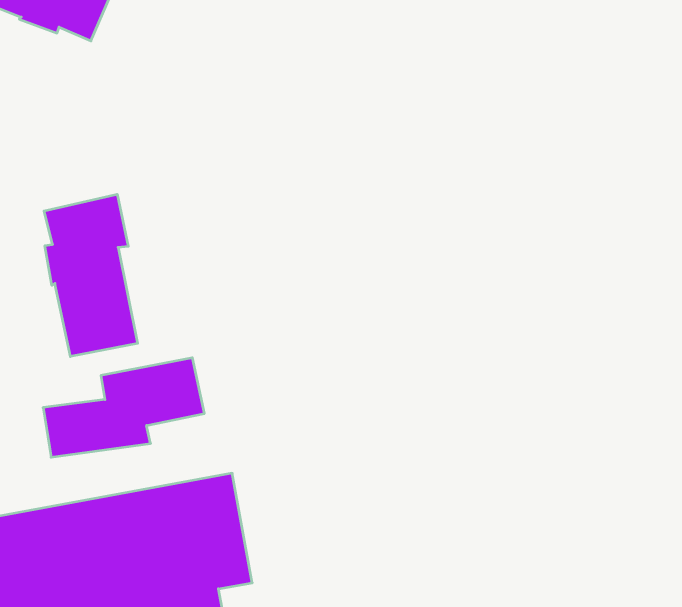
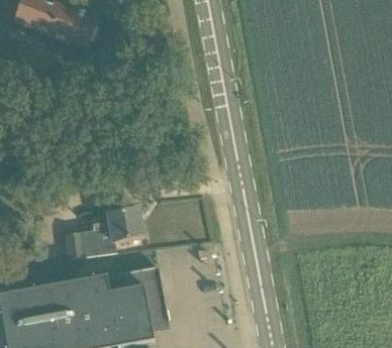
building: [44,194,138,357] -> none

